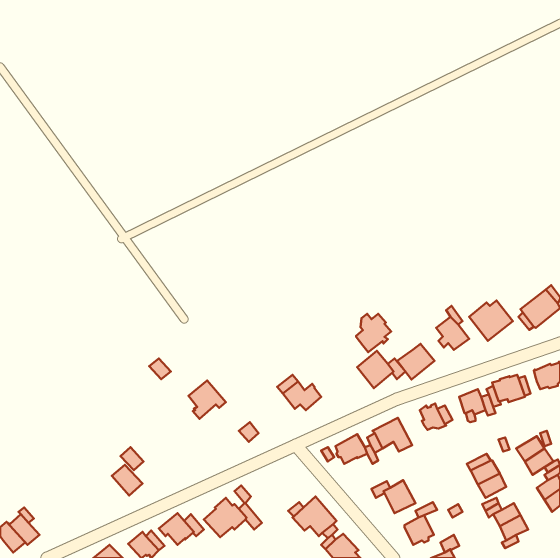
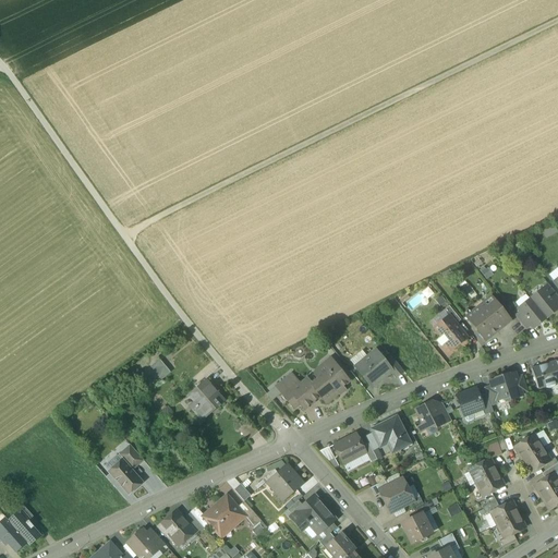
building: [356,314,391,352] -> [313,363,348,401]
building: [397,344,435,380] -> none
building: none -> [265,462,304,500]

